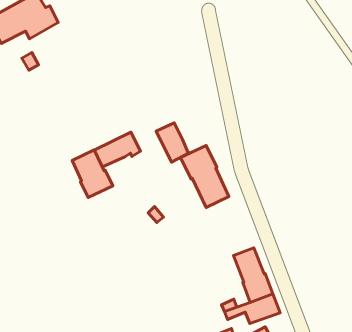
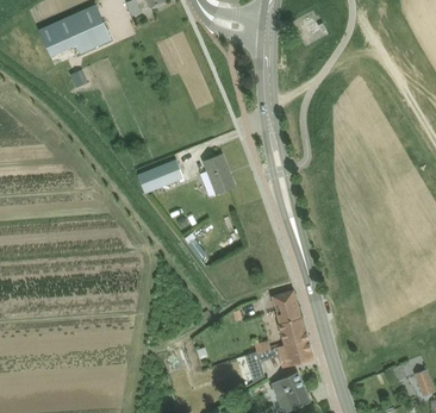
building: [180,146,229,208] -> none
building: [72,150,113,197] -> none

